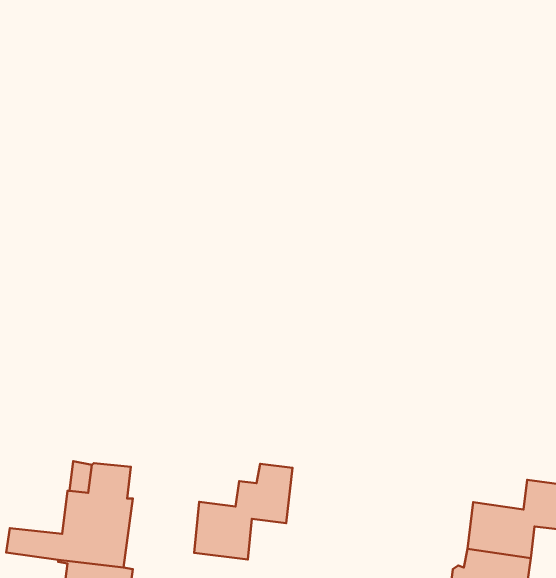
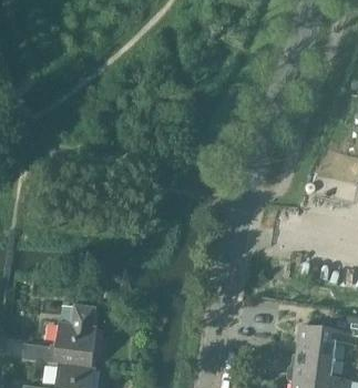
building: [194,464,292,560] -> none

